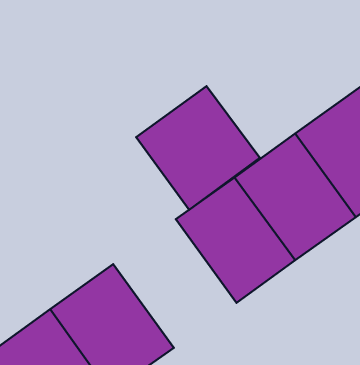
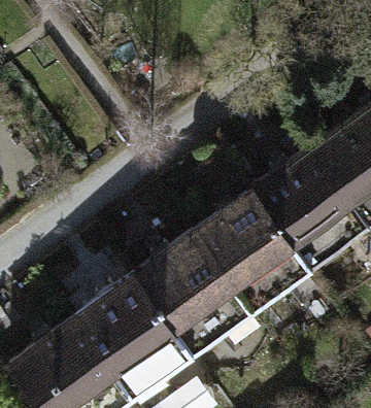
building: [136,86,260,210] -> none
building: none -> [126,235,247,362]

